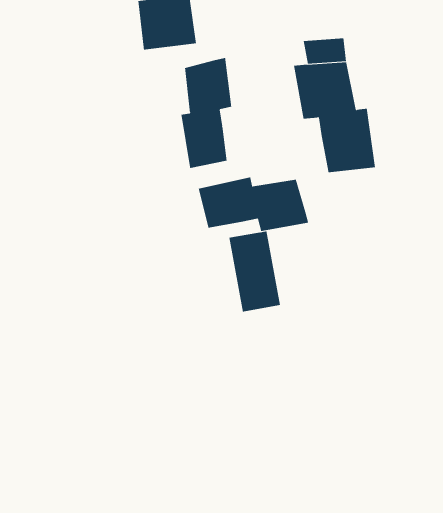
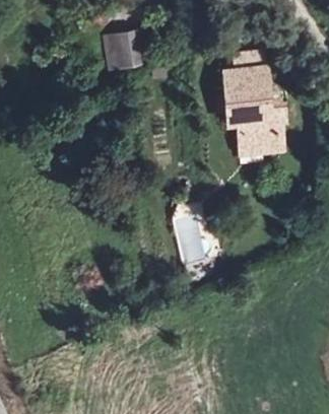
building: [181,57,232,169] -> none
building: [198,177,309,232] -> none

